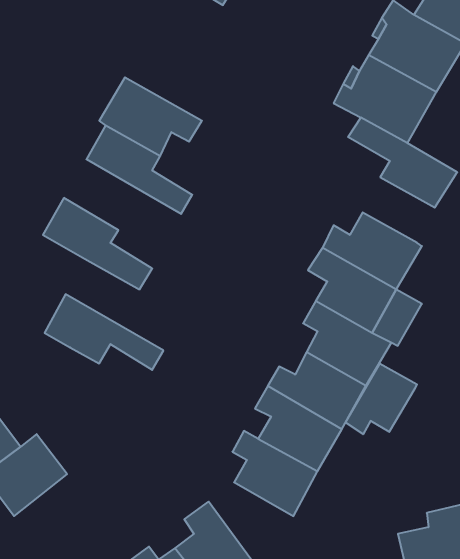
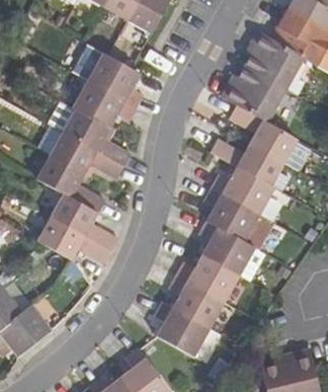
building: none -> [88,54,142,107]
building: none -> [50,132,124,179]
building: none -> [212,139,283,184]
building: none -> [51,194,119,252]
building: [345,364,417,434] -> none

